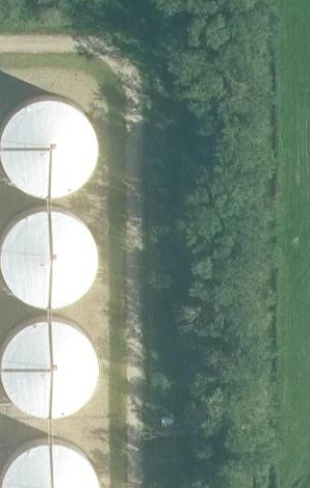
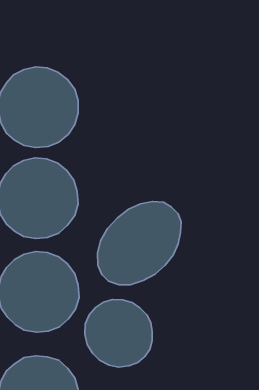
building: none -> [97,202,181,285]
building: none -> [85,299,152,367]

